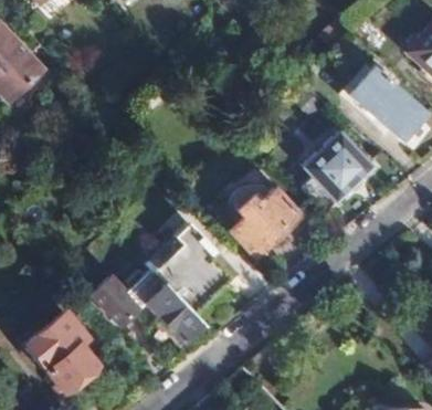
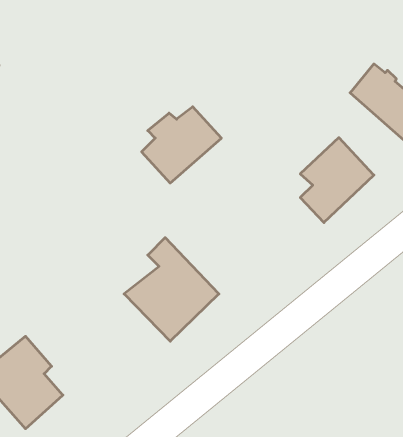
building: [233,188,304,255] -> [142,107,221,183]
building: [94,272,203,343] -> none

